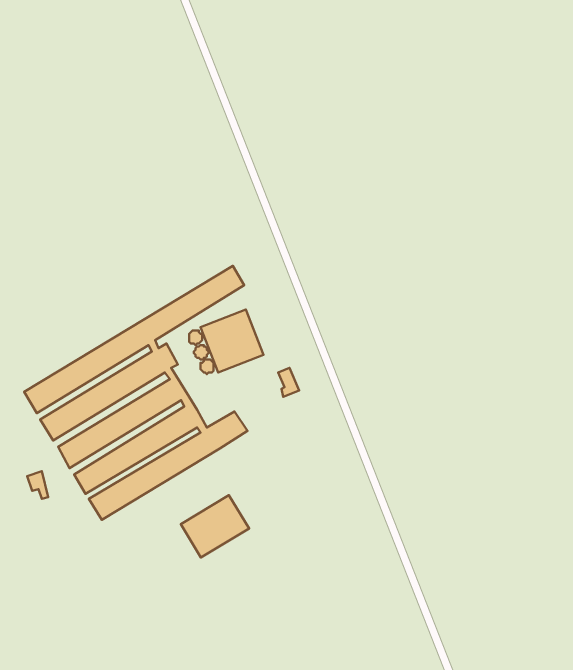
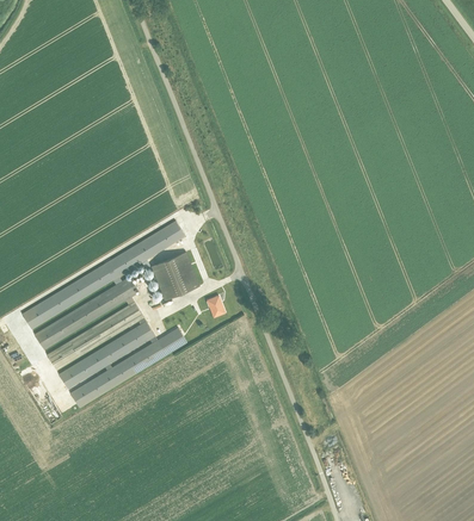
building: [181,495,249,558] -> none

